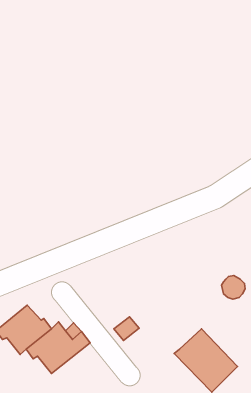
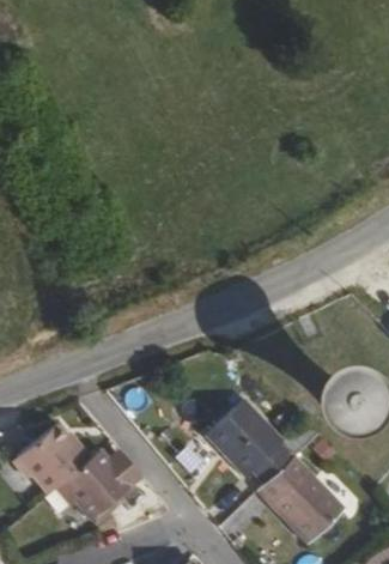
building: none -> [208,402,320,485]

